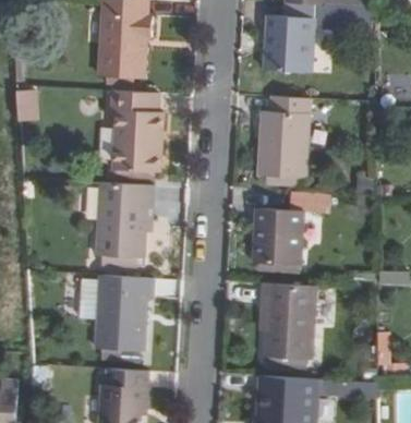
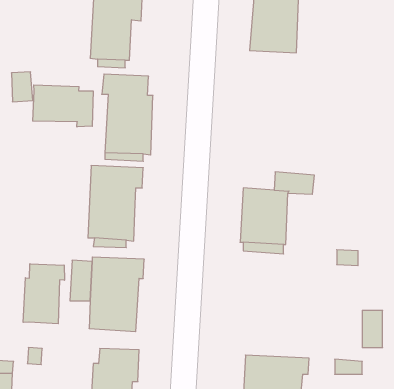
building: [256,95,309,178] -> none
building: none -> [33,85,93,127]
building: [259,283,313,361] -> none
building: none -> [23,264,64,324]

